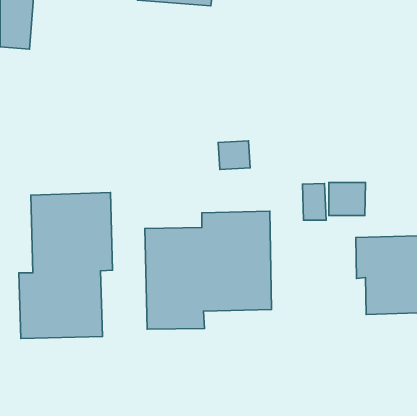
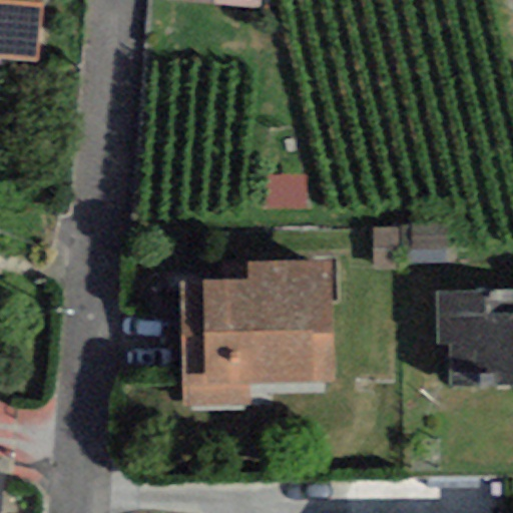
building: [19,192,112,338] -> none

